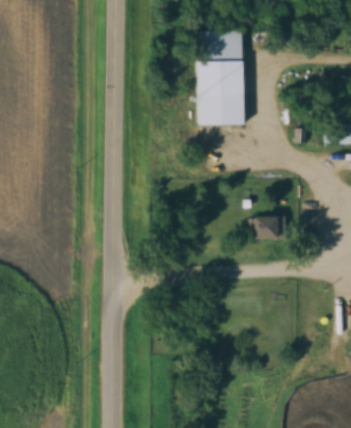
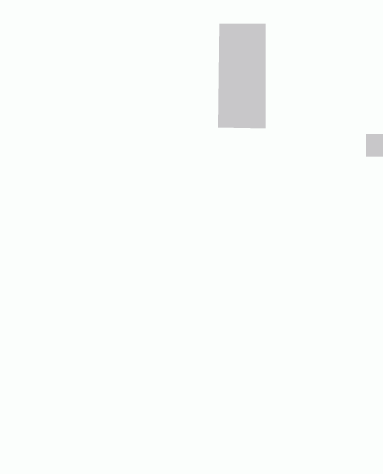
building: [242,217,281,240] -> none

